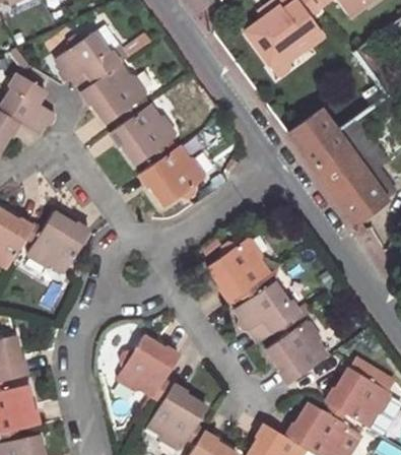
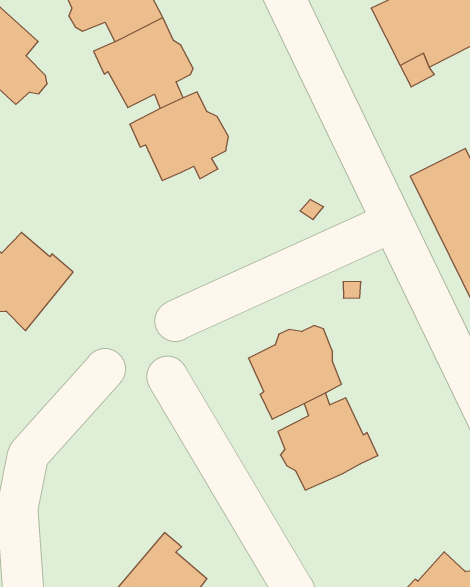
building: [137,144,201,203] -> none
building: [266,319,327,382] -> none
building: [123,335,180,392] -> none

